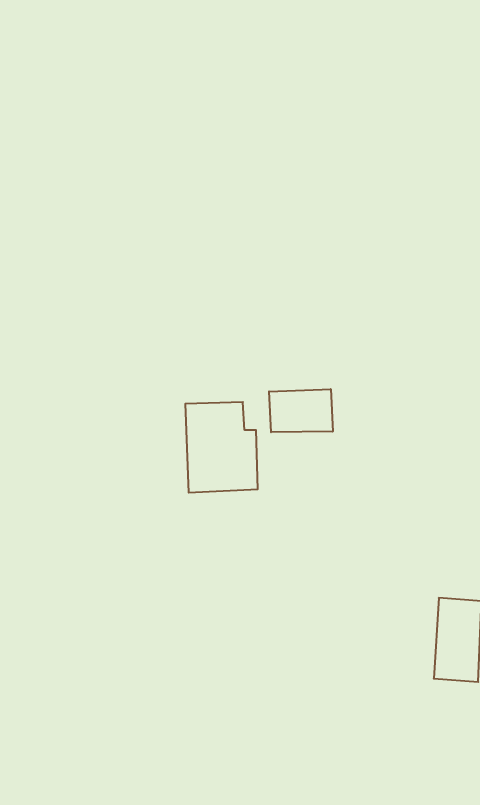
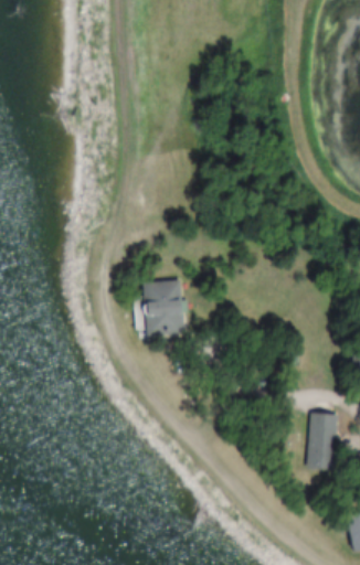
building: [269,389,333,432] -> none

